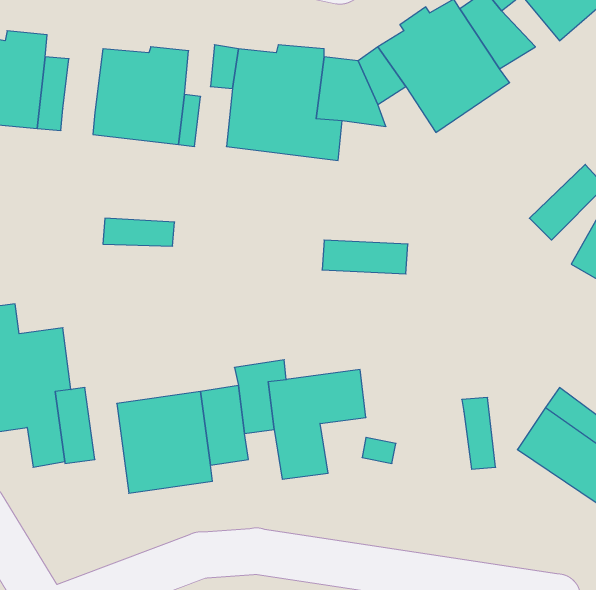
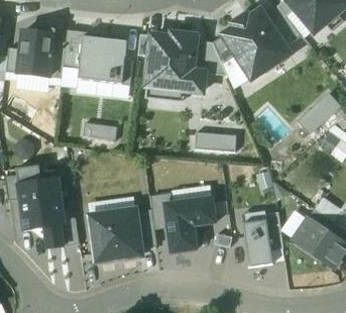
building: none -> [62,34,82,69]
building: none -> [240,220,269,267]

